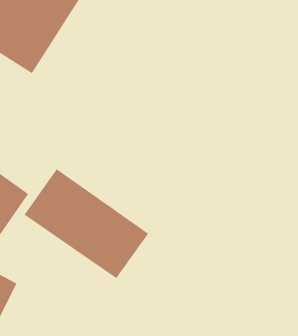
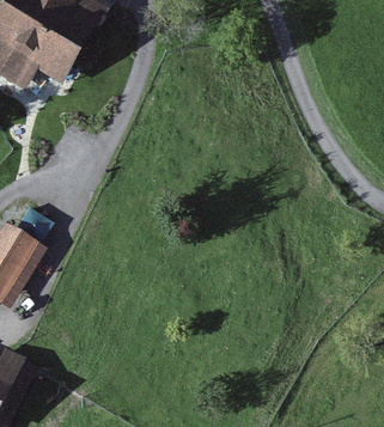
building: [24,168,149,279] -> none

